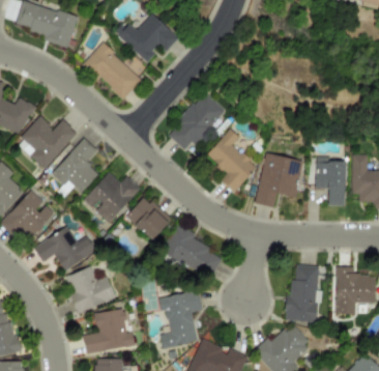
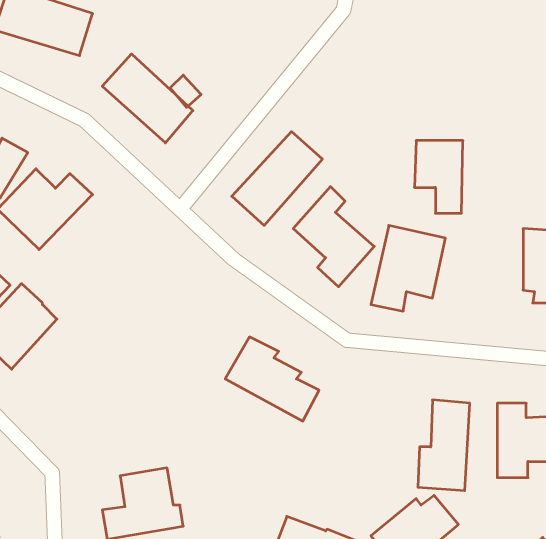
building: [115,12,177,63] -> none
building: [52,138,98,194] -> none
building: [315,159,346,205] -> [414,141,463,213]
building: [83,172,140,223] -> none
building: [125,196,171,240] -> none
building: [33,226,91,270] -> none
building: [63,266,116,313] -> none
building: [158,291,201,348] -> none

